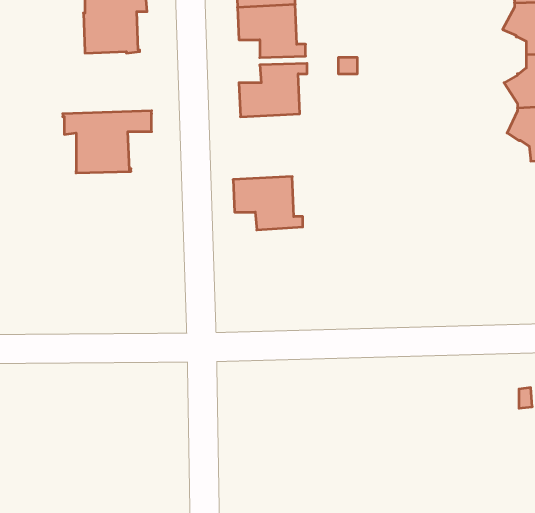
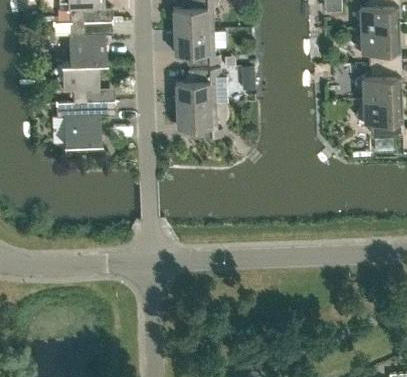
building: none -> [56,63,116,105]
building: [233,177,303,230] -> [176,105,223,141]

